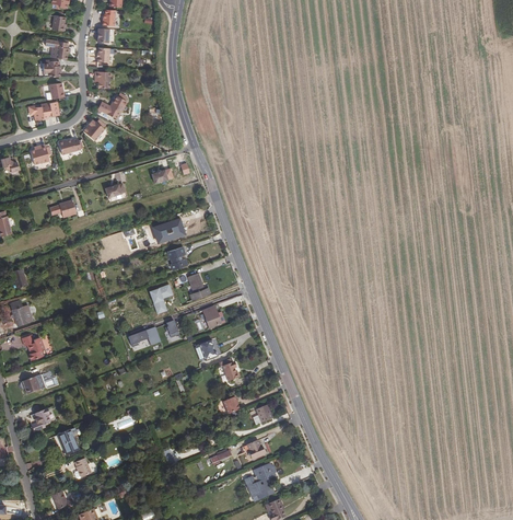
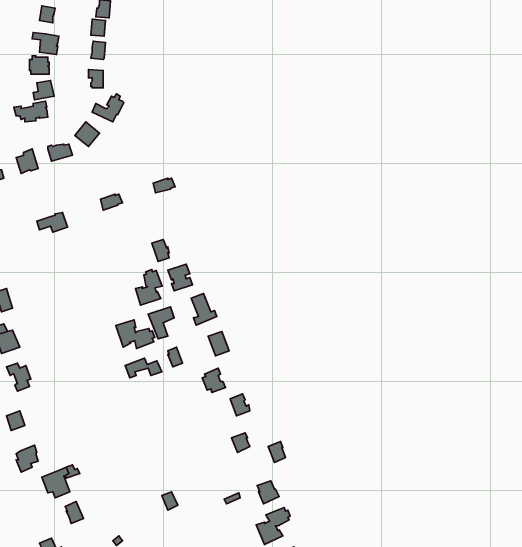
building: none -> [136,270,162,305]
building: none -> [116,320,155,348]

